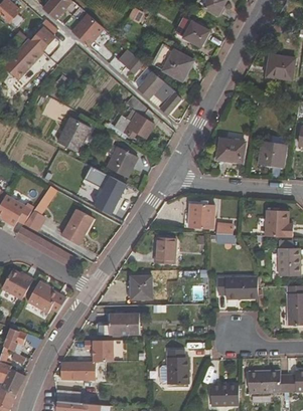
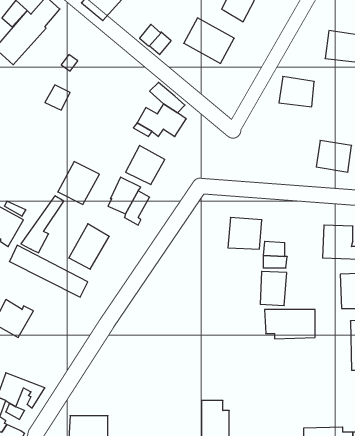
building: [137,71,182,116] -> none
building: [57,118,91,152] -> [58,162,99,204]
building: [216,138,245,162] -> [279,76,314,107]
building: [155,236,176,263] -> [260,271,287,305]
building: [131,275,152,299] -> none
building: [28,279,66,313] -> none
building: [99,313,140,334] -> none
building: [86,340,115,361] -> none

